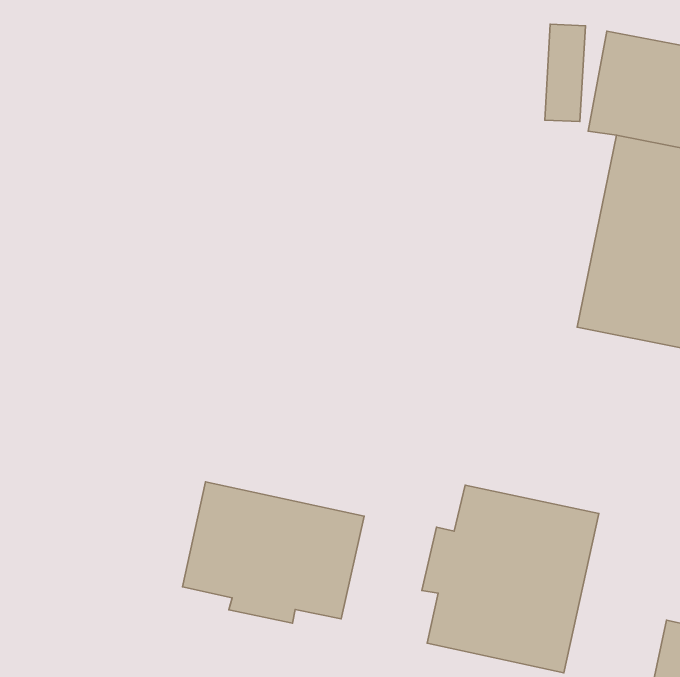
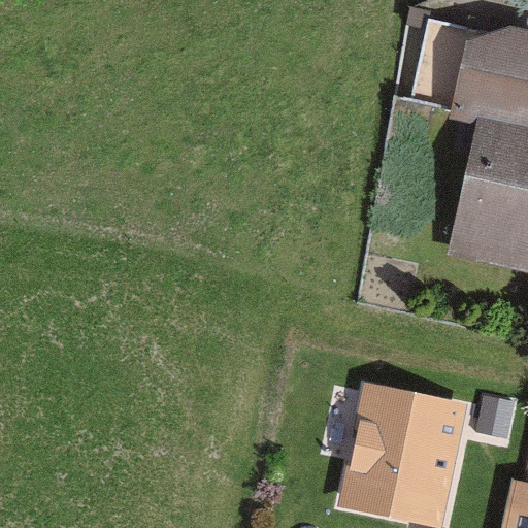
building: [183,482,364,623] -> none

